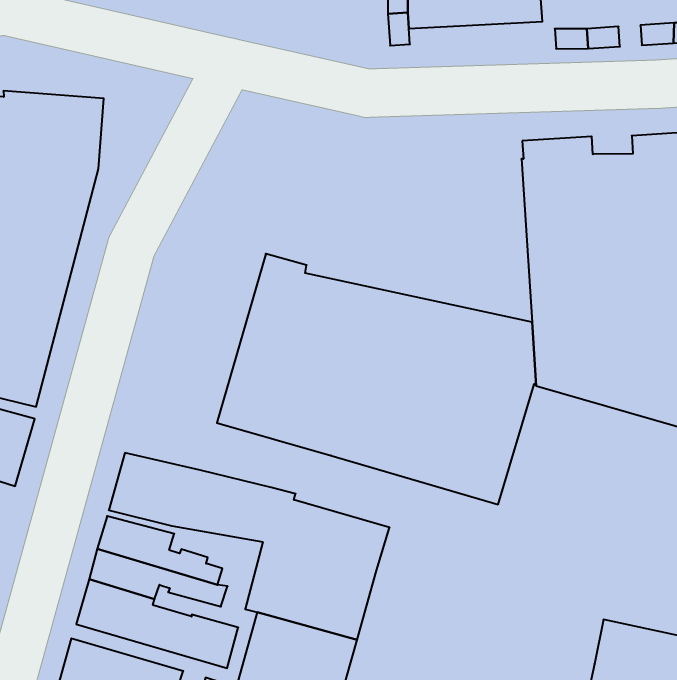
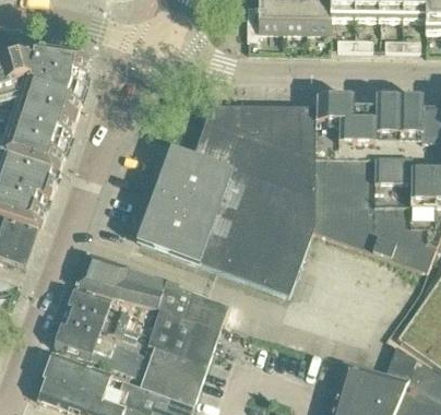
building: none -> [191,107,313,198]

